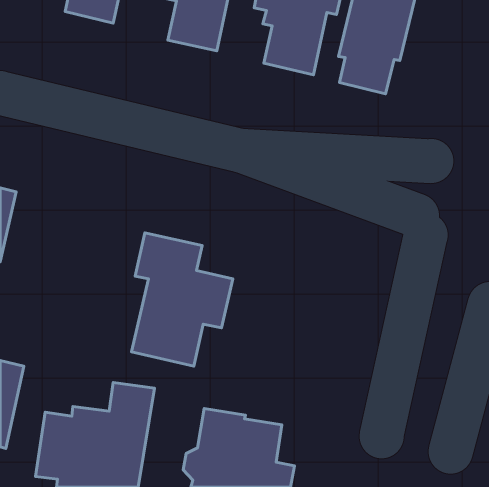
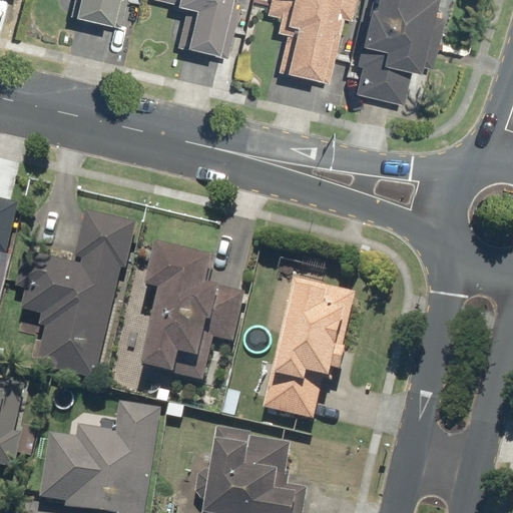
building: none -> [14,209,137,381]
building: none -> [262,277,356,420]

